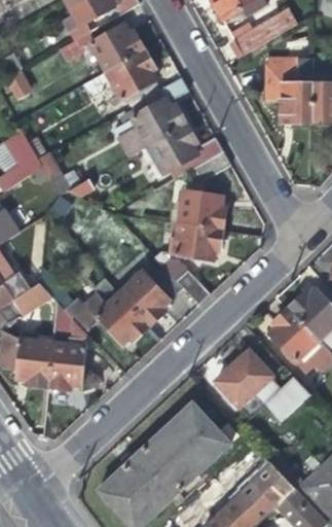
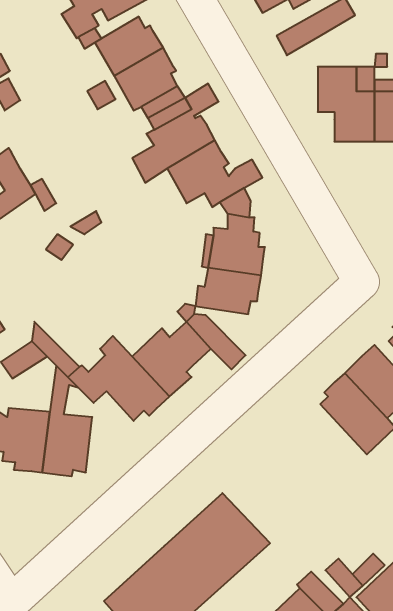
building: [215,341,310,424] -> none

